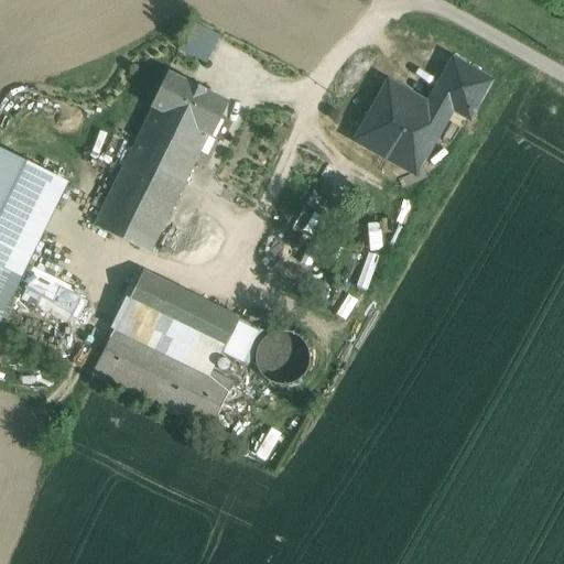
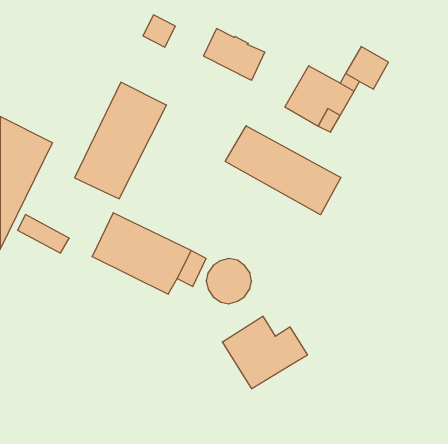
building: [151,68,228,133] -> [203,29,265,80]
building: none -> [225,126,341,215]
building: [91,323,232,427] -> none
building: none -> [222,316,307,389]

